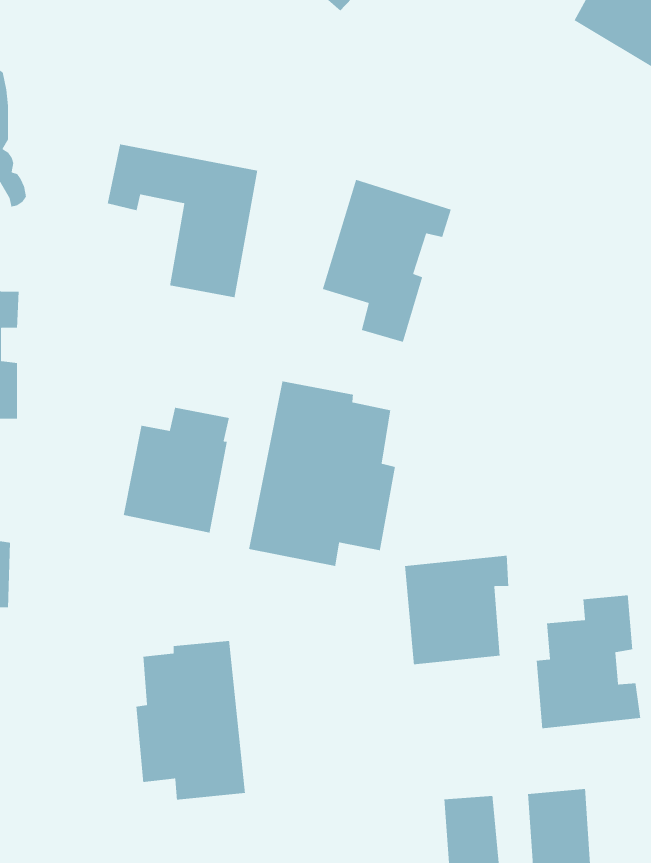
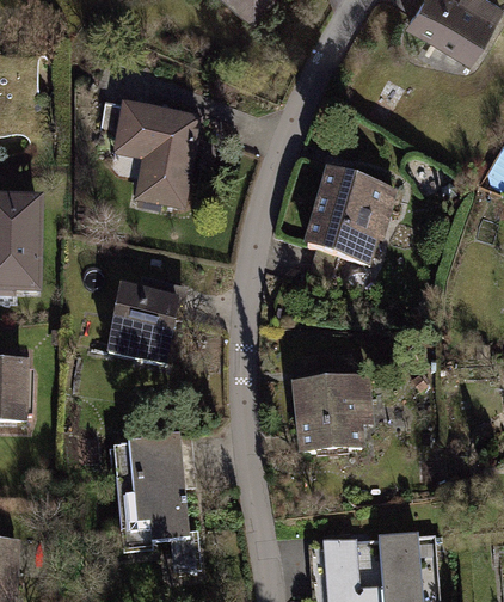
building: [322,179,452,343] -> [307,170,394,280]
building: [248,380,396,567] -> none
building: [536,595,641,729] -> none

